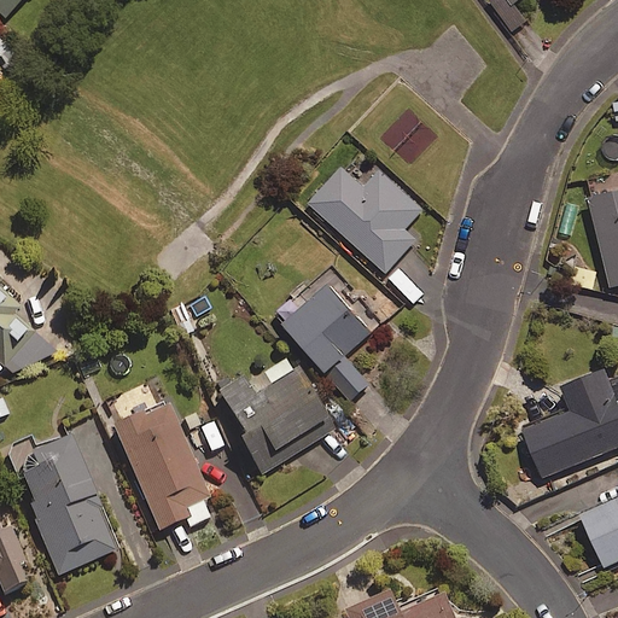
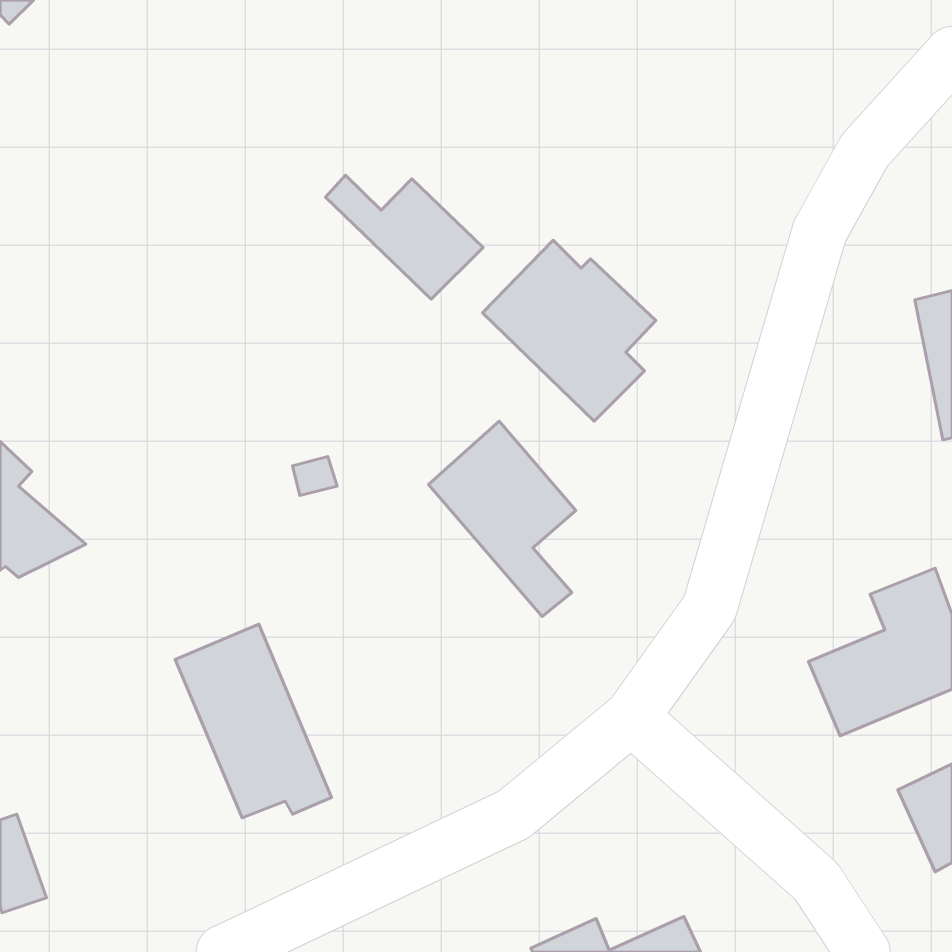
building: none -> [326,175,483,299]
building: [218,360,334,476] -> none
building: [11,437,117,576] -> none

